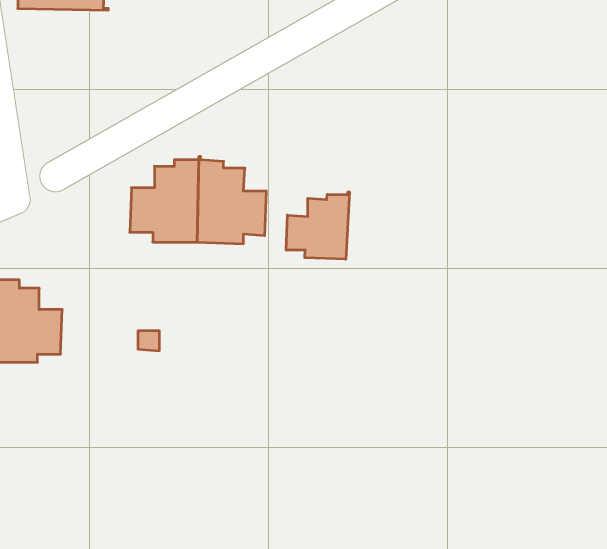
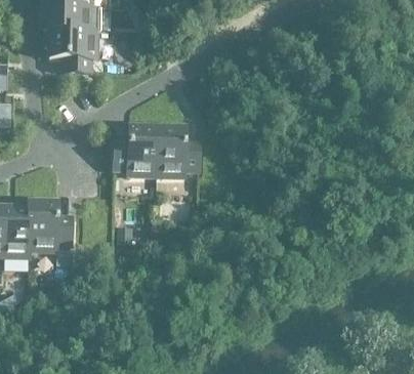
building: none -> [44,30,100,73]
building: [286,192,349,259] -> none

